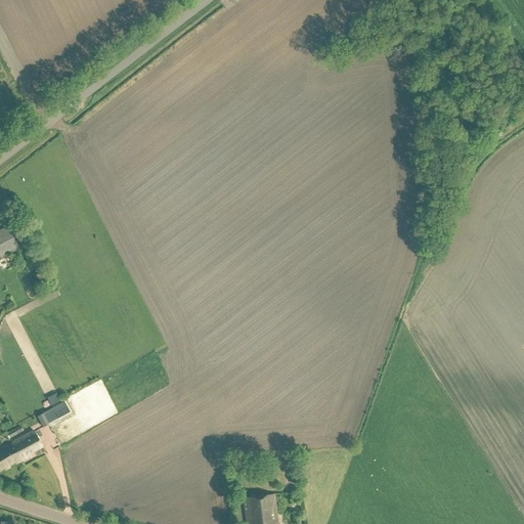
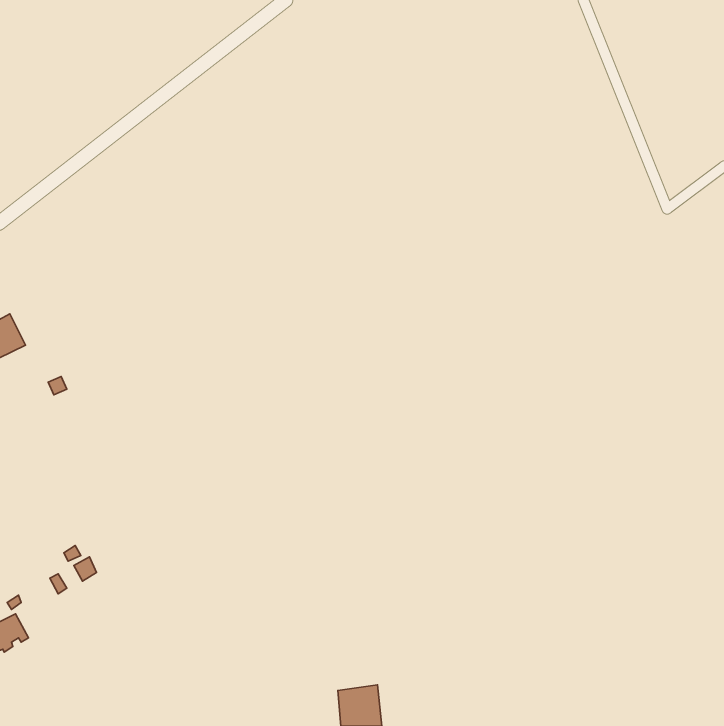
building: [11,430,42,460] -> none

